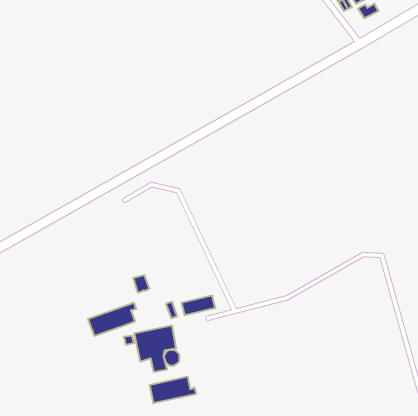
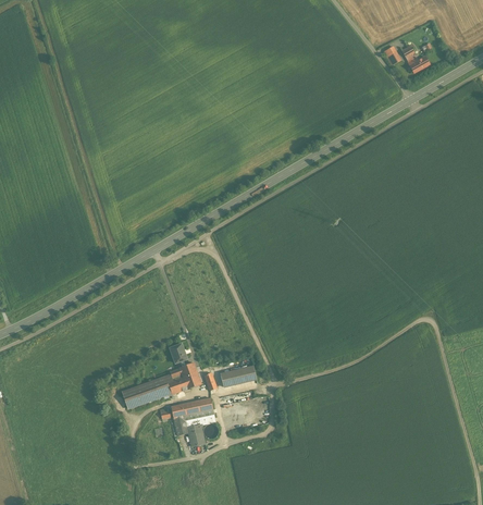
building: none -> [166,361,200,393]
building: [150,377,196,403] -> none

